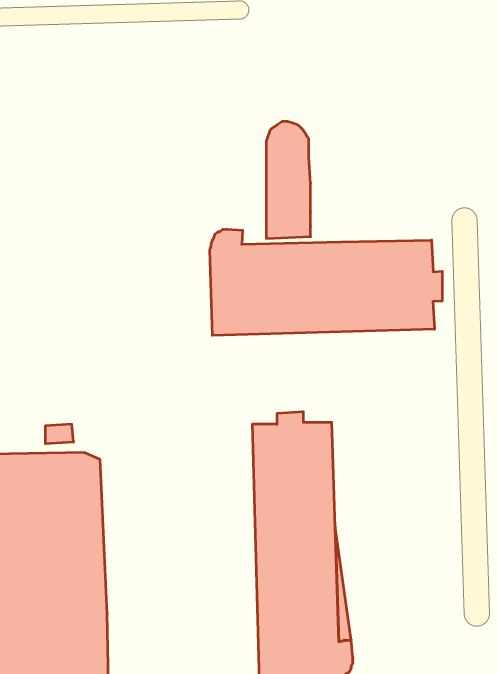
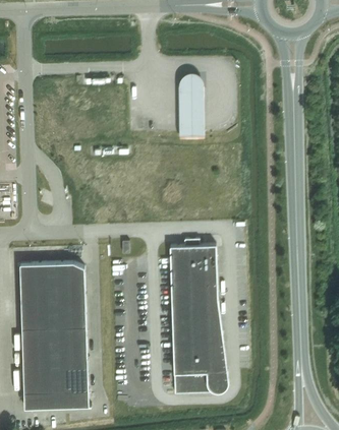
building: [210,229,442,335] -> none

